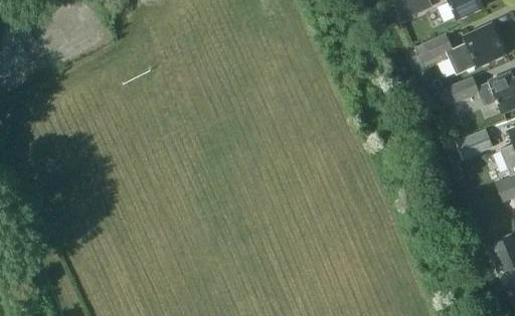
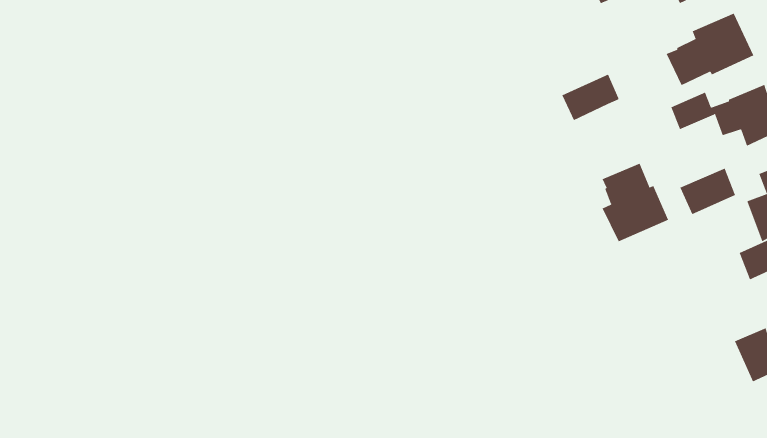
building: [415,32,454,63] -> [561,74,619,121]
building: none -> [602,163,669,242]

